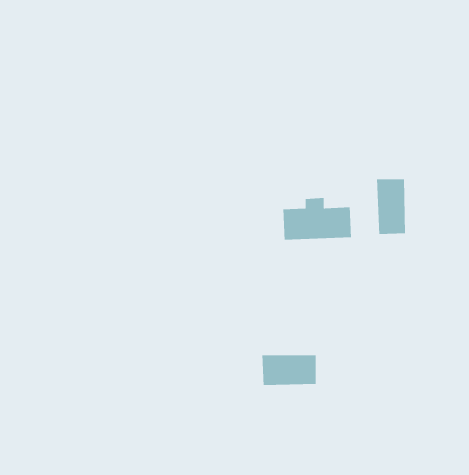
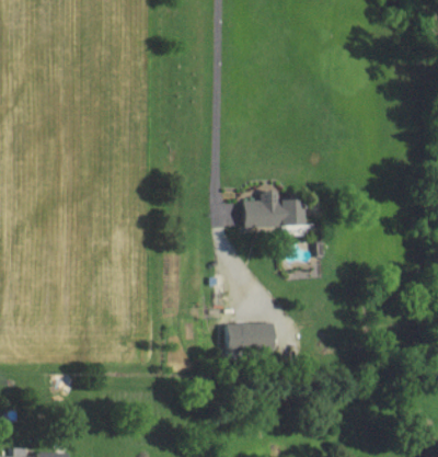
building: [376,179,406,235] -> none

